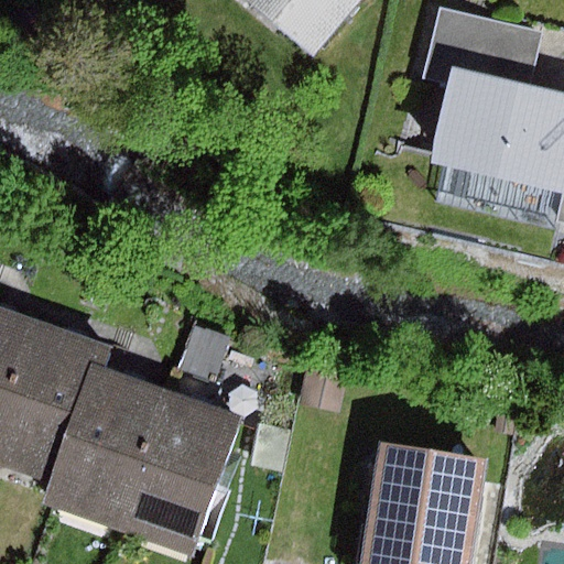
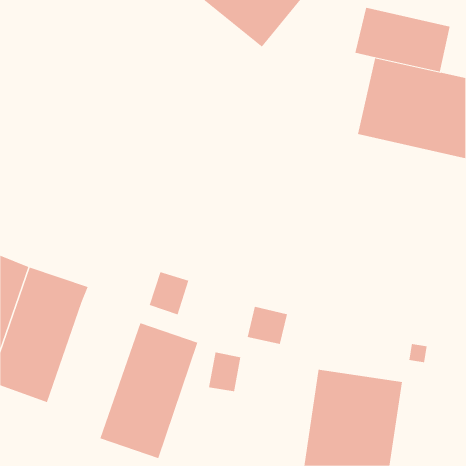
building: [51,365,169,529] -> none

